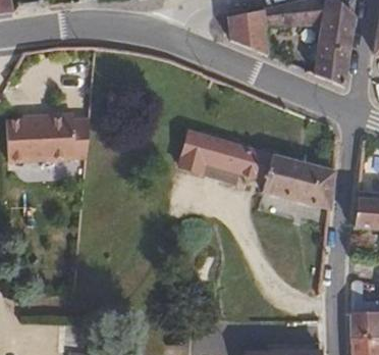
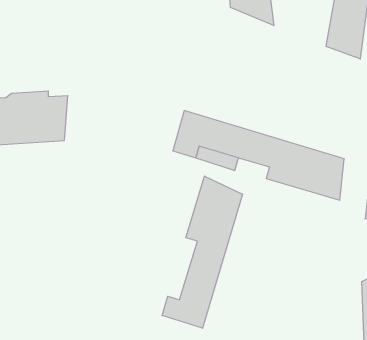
building: none -> [162,176,243,328]

